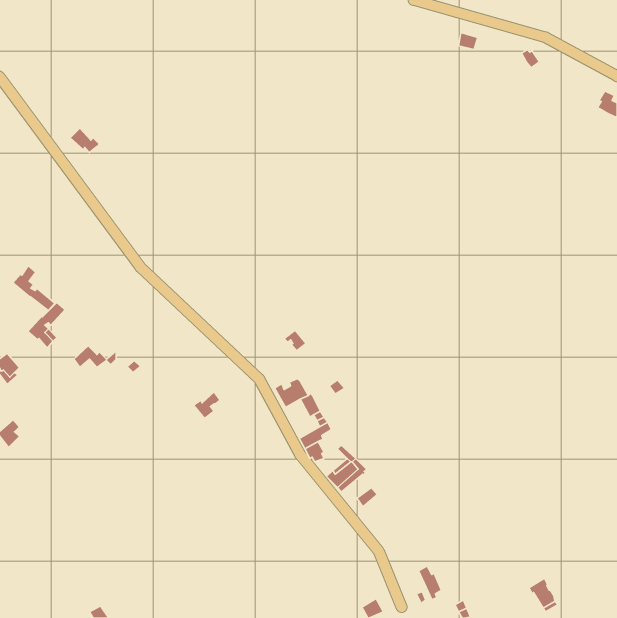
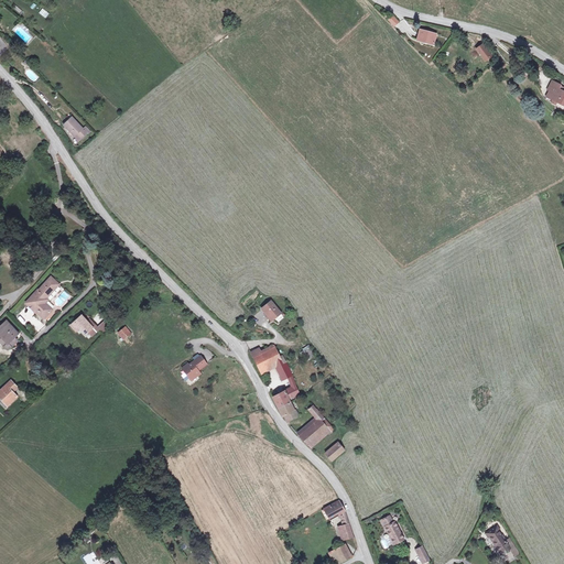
building: [13,265,55,311] -> none
building: none -> [321,500,352,540]

